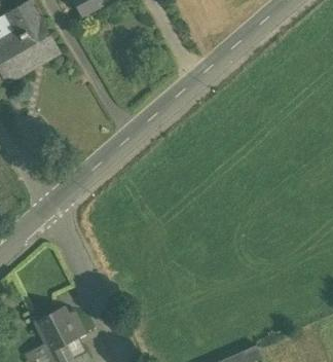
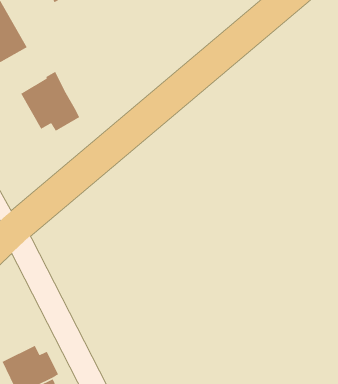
building: none -> [20,71,80,132]

